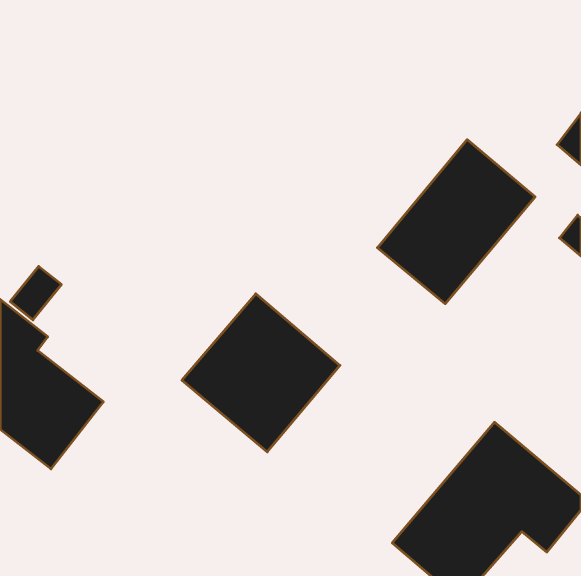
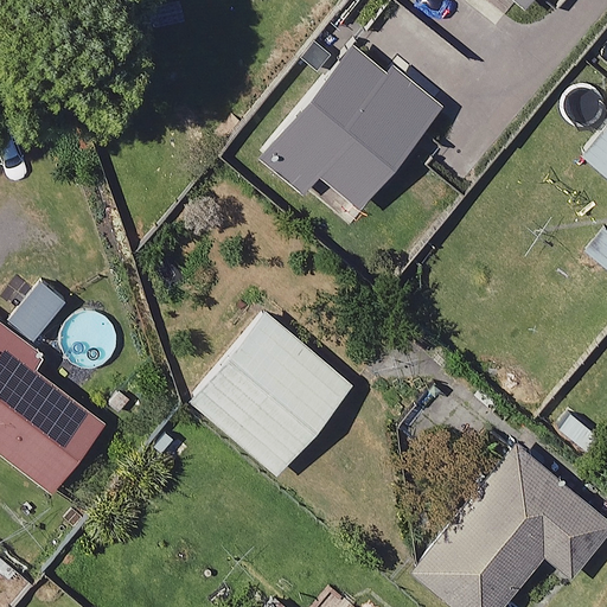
building: none -> [254,43,445,212]
building: [377,140,535,304] -> none

